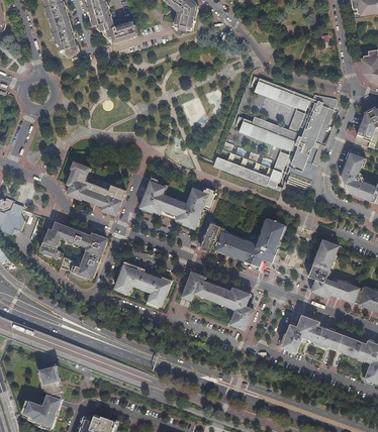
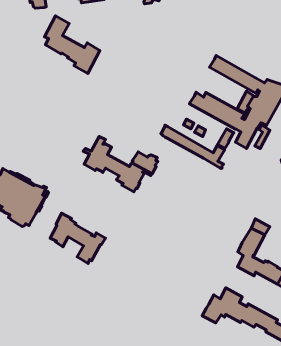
building: [66,160,124,215] -> [45,16,100,74]
building: [199,218,284,269] -> none
building: [181,271,252,329] -> none

